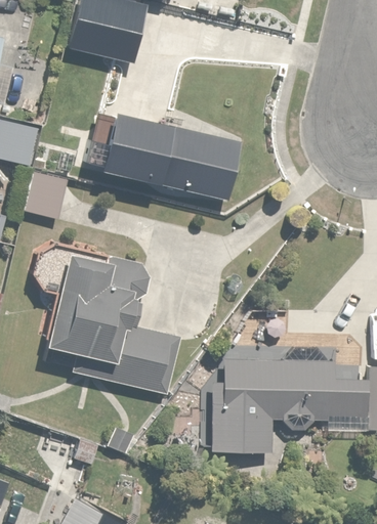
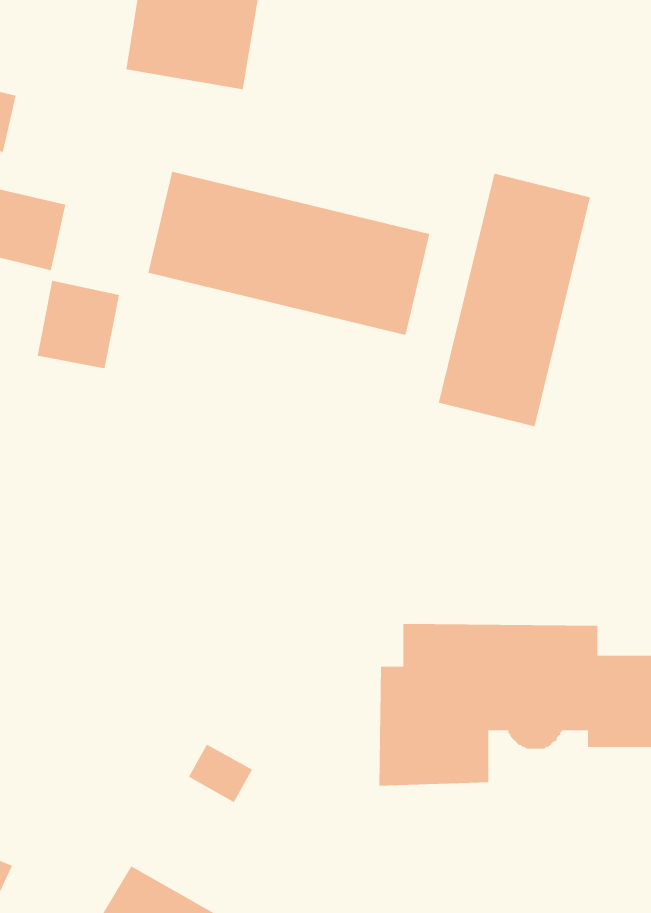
building: none -> [438,173,591,427]
building: [29,245,175,395] -> none

